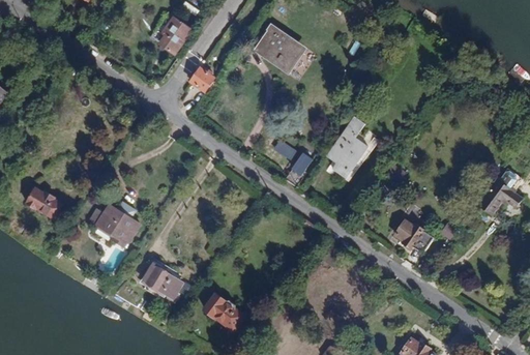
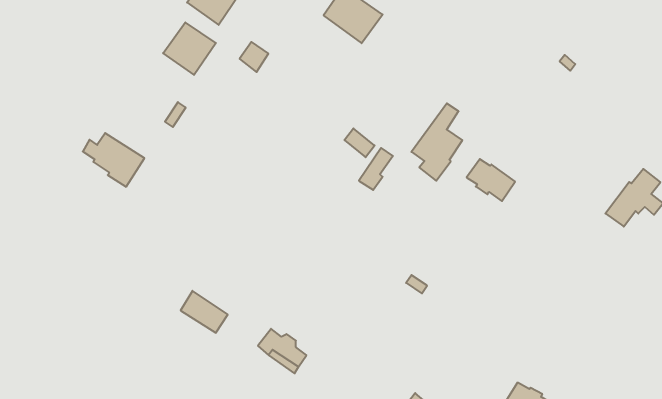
building: none -> [163,22,216,75]
building: [26,188,60,218] -> none
building: [91,204,140,246] -> [83,133,144,187]
building: [394,220,433,254] -> [467,159,515,201]

